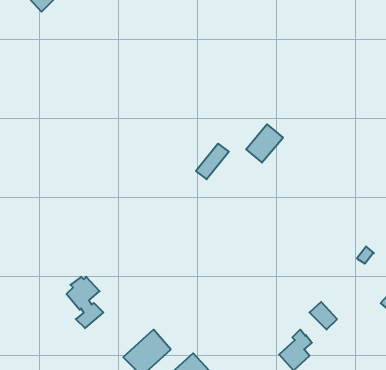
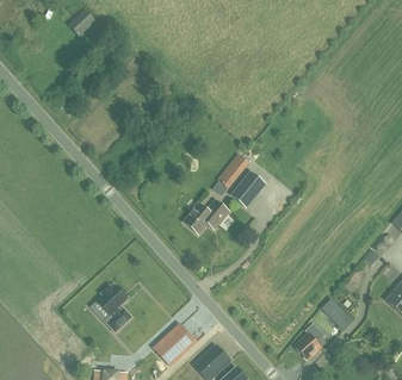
building: [246,124,283,163] -> [231,172,265,206]
building: none -> [184,200,229,233]

